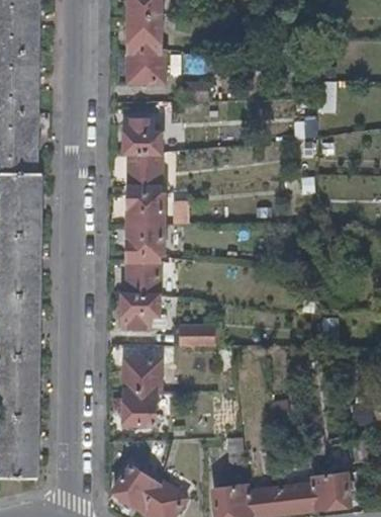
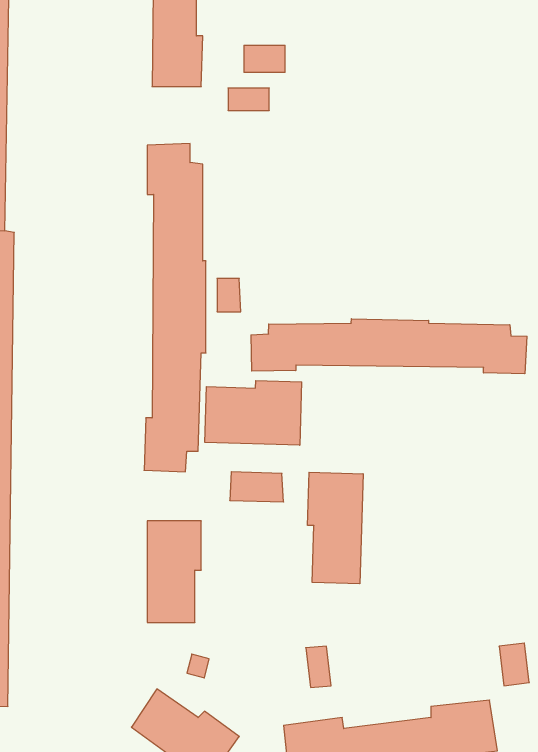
building: none -> [251,319,527,374]
building: none -> [205,381,302,445]
building: none -> [308,472,363,584]

